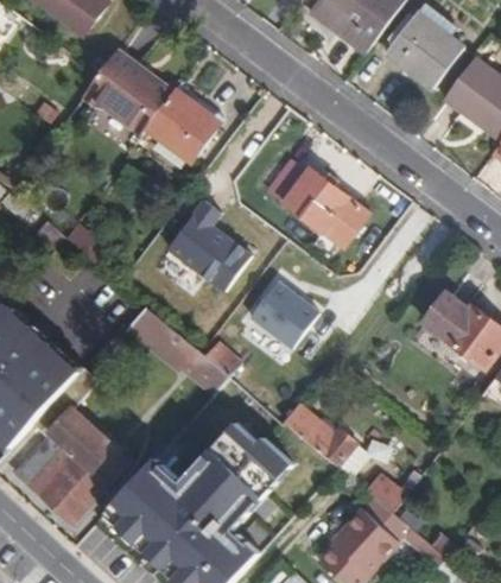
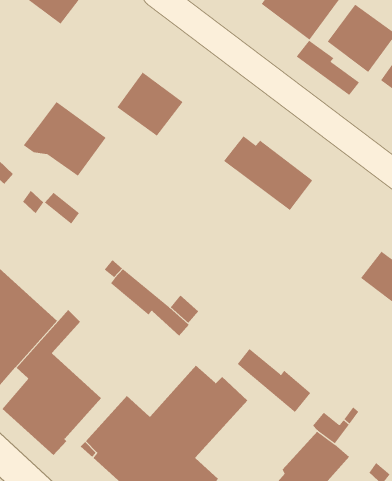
building: [77,47,172,133] -> [23,101,106,177]
building: none -> [296,40,360,96]
building: [164,198,254,294] -> none
building: [247,280,332,359] -> none

